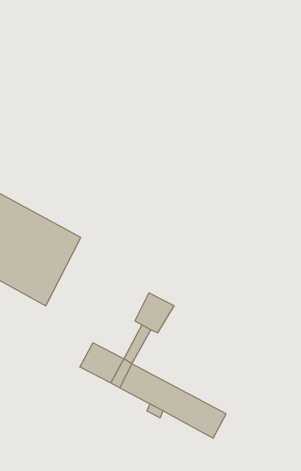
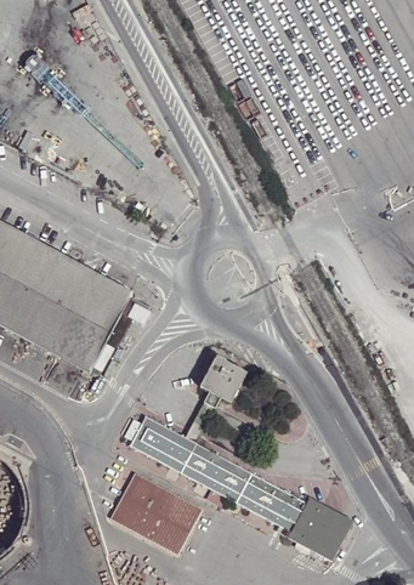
building: none -> [102,470,193,551]
building: none -> [289,498,355,563]

